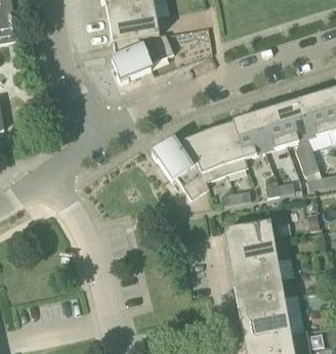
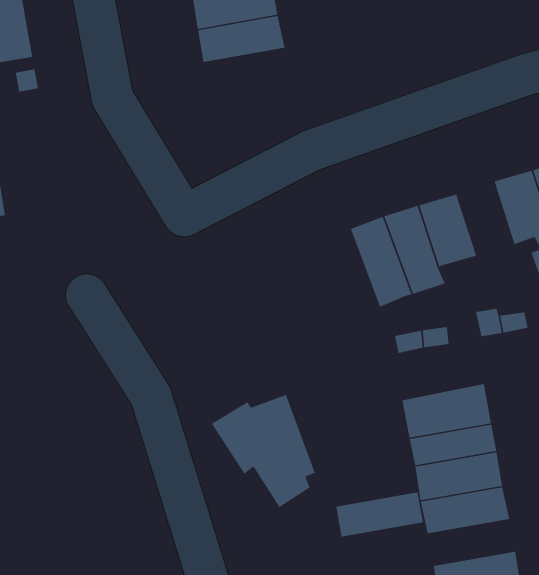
building: [113,33,174,82] -> none
building: [255,108,287,150] -> none
building: [154,135,212,198] -> [211,394,316,508]
building: [239,297,288,322] -> [335,491,424,537]

